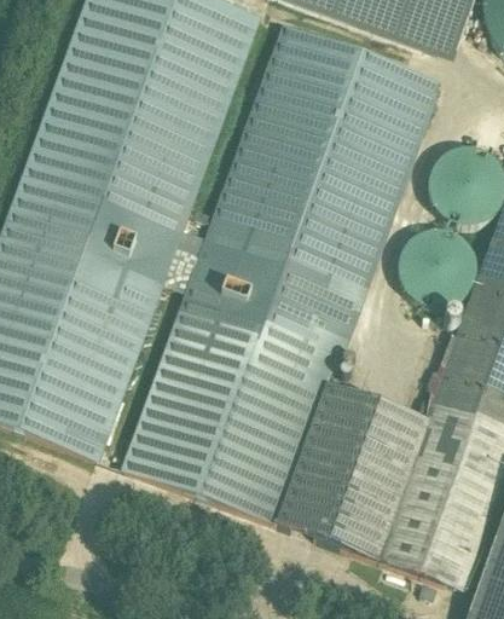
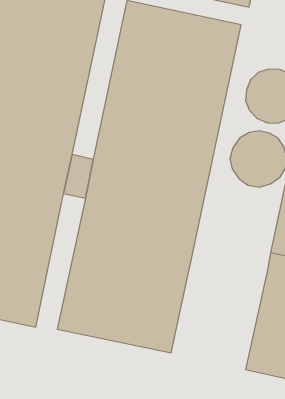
building: [278,388,427,557] -> none

